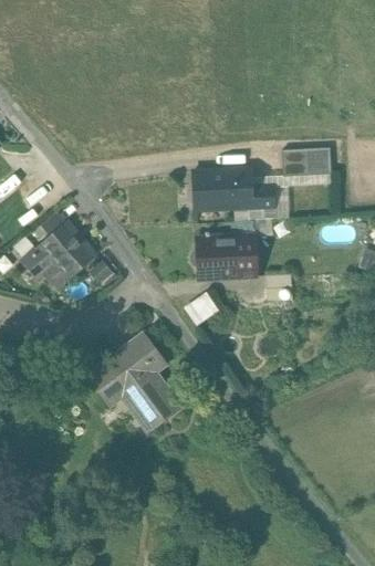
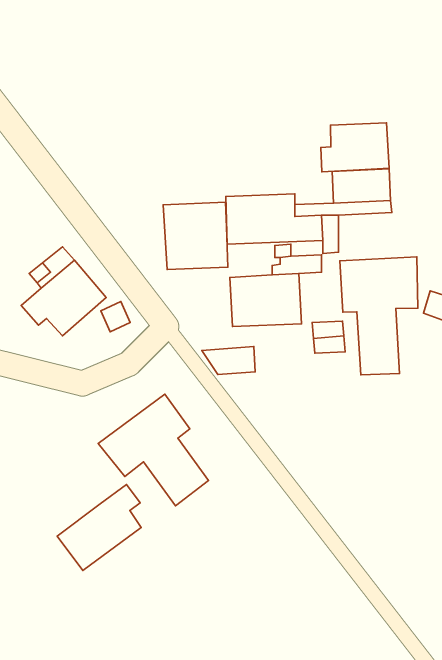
building: none -> [321,123,389,172]
building: none -> [163,202,228,270]
building: none -> [340,257,418,375]
building: none -> [57,484,141,570]

